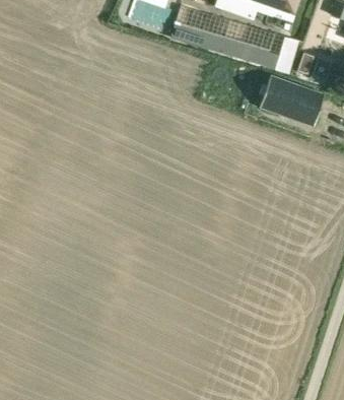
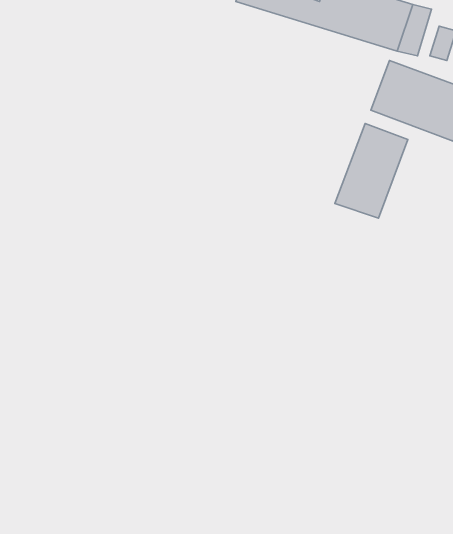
building: none -> [335,124,408,218]

